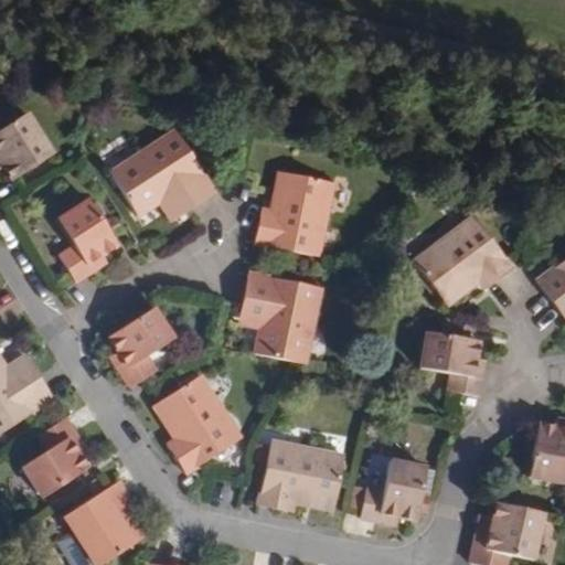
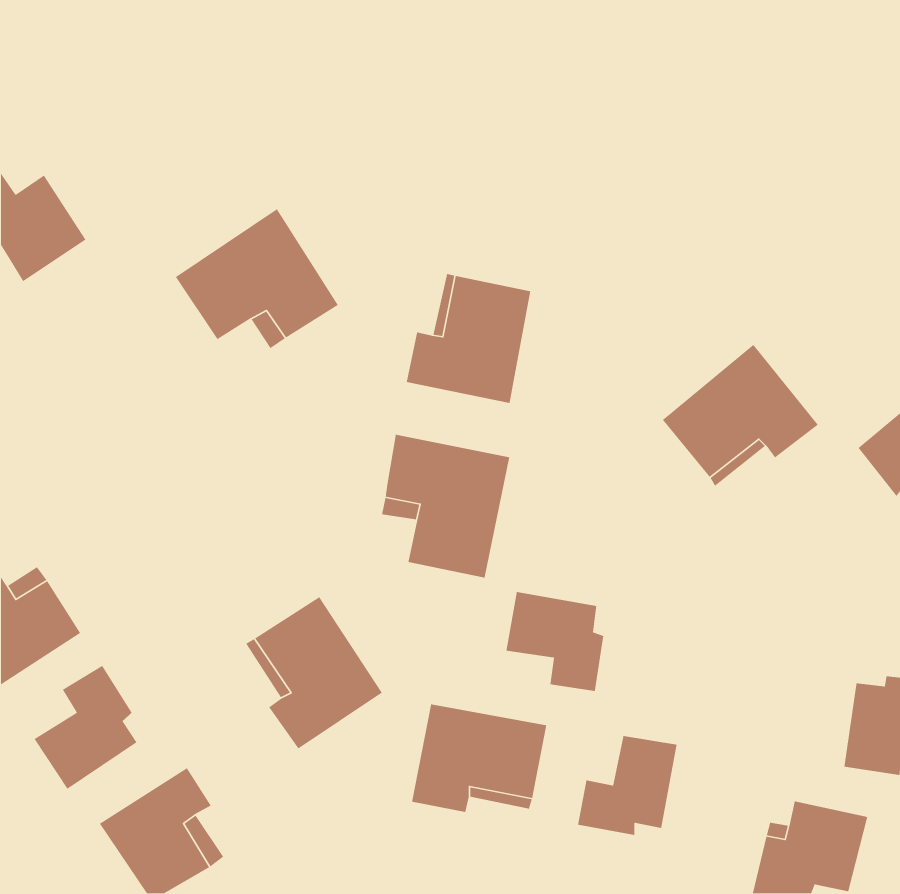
building: [55,199,115,278] -> none
building: [107,306,172,384] -> none
building: [413,329,475,392] -> [505,591,604,692]

